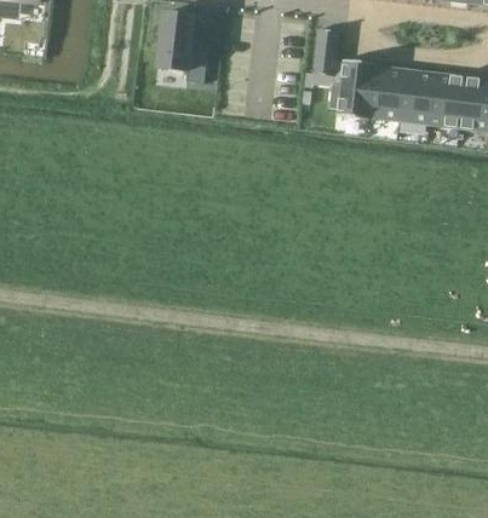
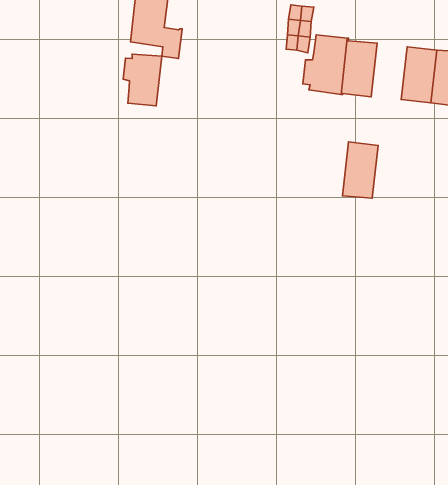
building: [400,68,436,125] -> [342,142,378,198]
building: none -> [123,54,162,106]

